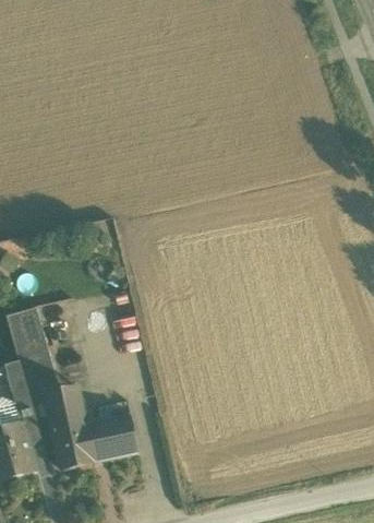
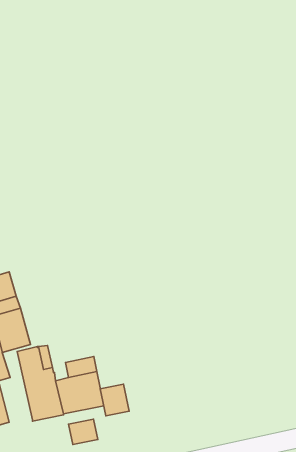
building: none -> [100,384,129,416]
building: none -> [69,419,98,445]

